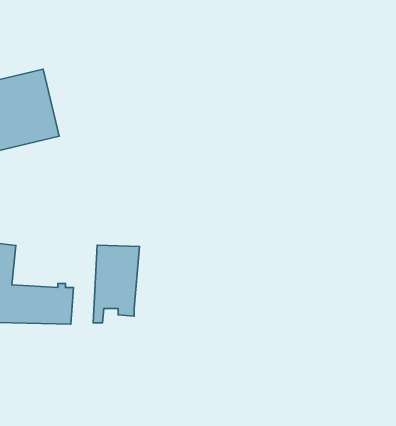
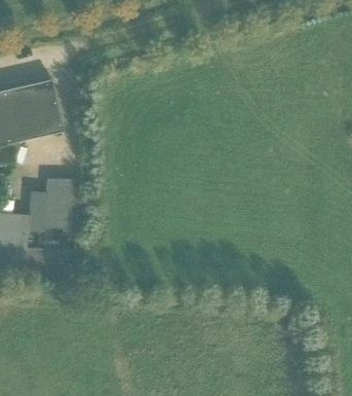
building: [93,245,139,323] -> [39,178,75,239]

